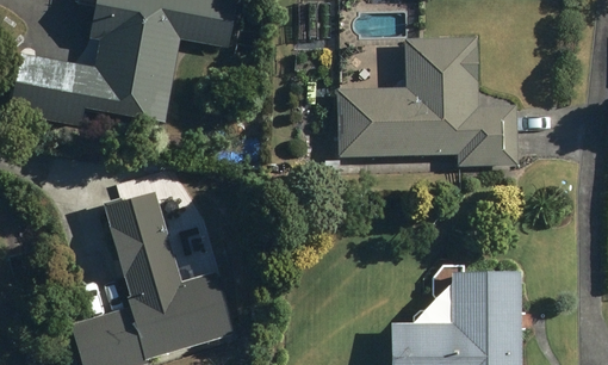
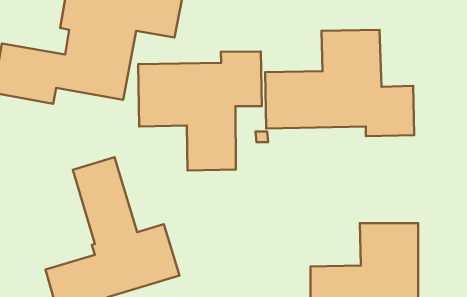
building: none -> [138,51,262,171]

